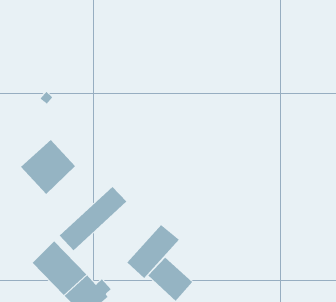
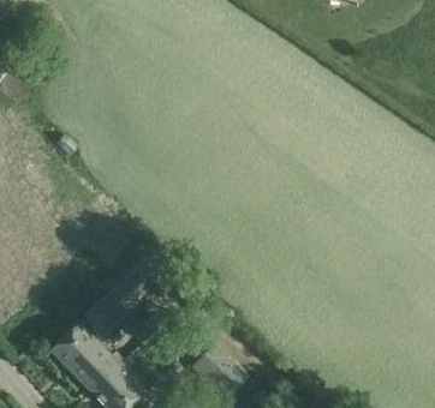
building: [20,139,76,195] -> none
building: [127,224,180,279] -> none

